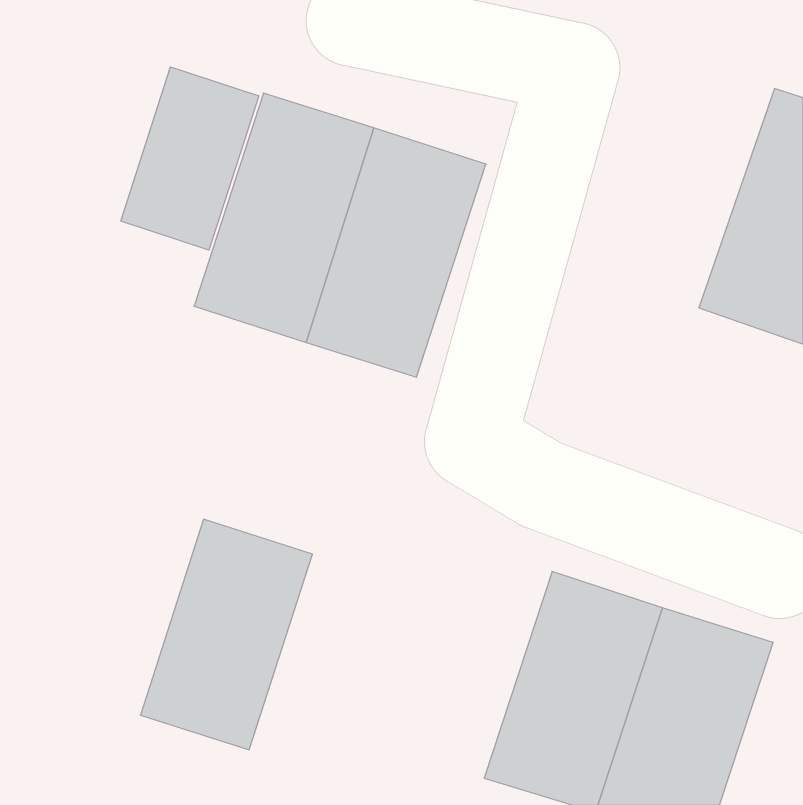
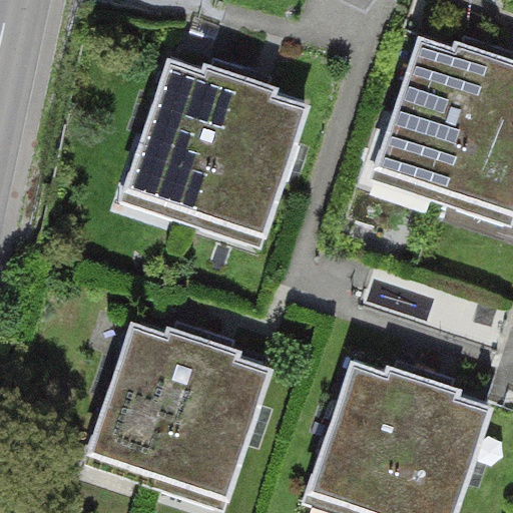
building: none -> [374,32,492,195]
building: [121,67,259,250] -> none
building: none -> [158,352,268,498]

